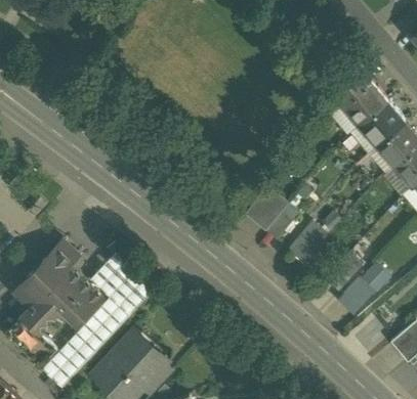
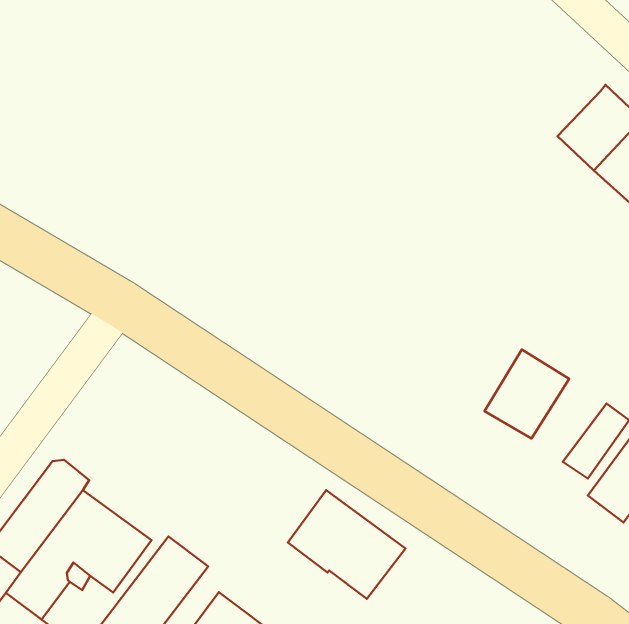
building: [334,70,368,107] -> none
building: [244,185,301,240] -> none
building: [90,255,153,315] -> [288,490,405,599]

